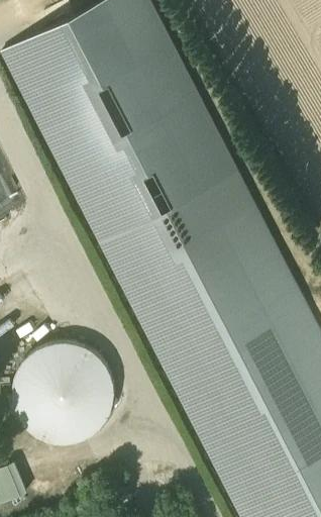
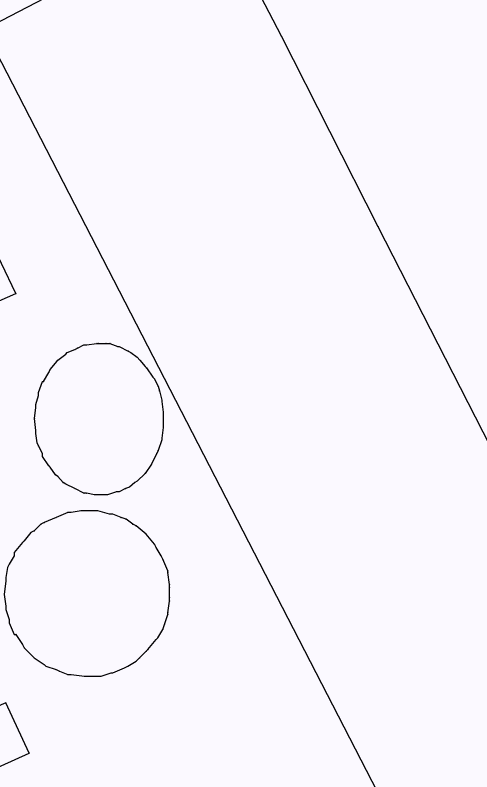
building: none -> [35,343,163,495]

